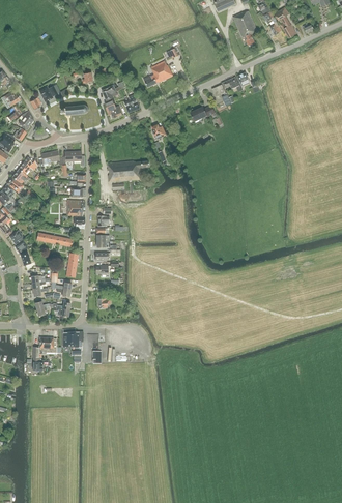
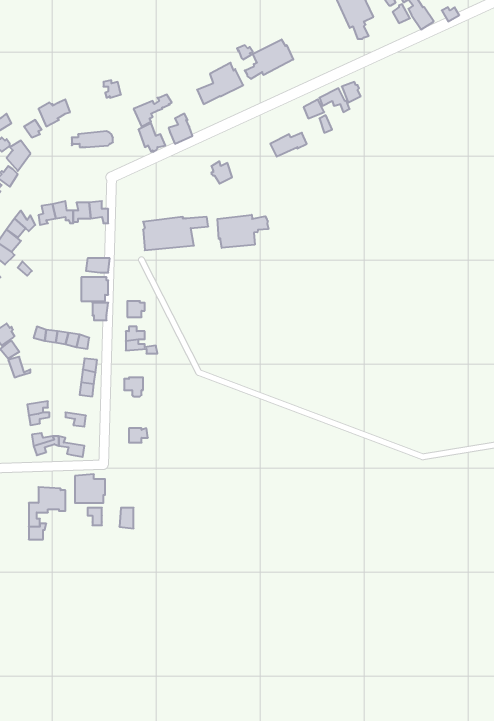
building: none -> [245,39,293,79]
building: none -> [217,215,268,248]

